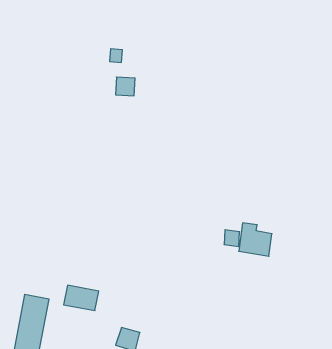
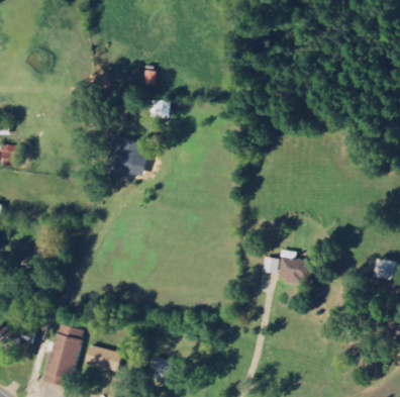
building: none -> [105,136,146,178]
building: [64,285,99,311] -> [84,345,120,372]

